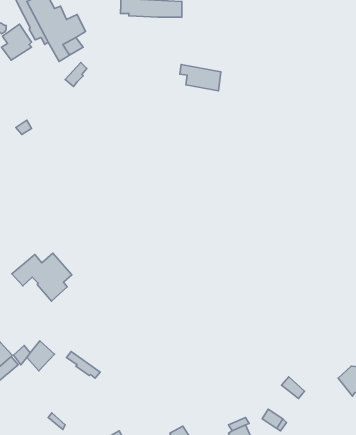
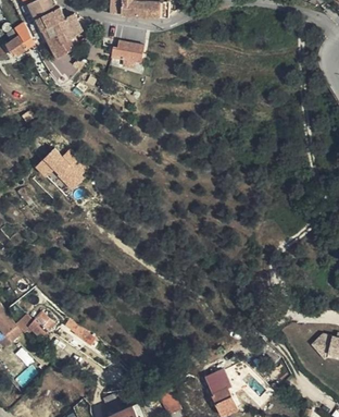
building: [180,65,221,91] -> [106,38,143,62]
building: [12,253,72,301] -> [34,148,88,192]

